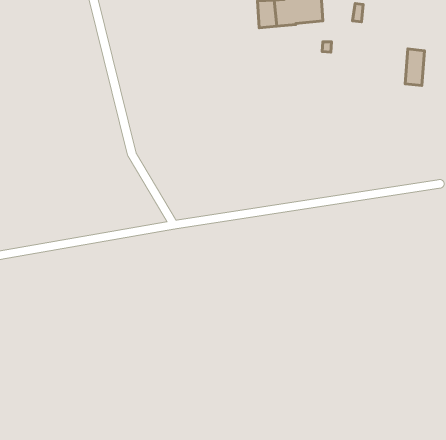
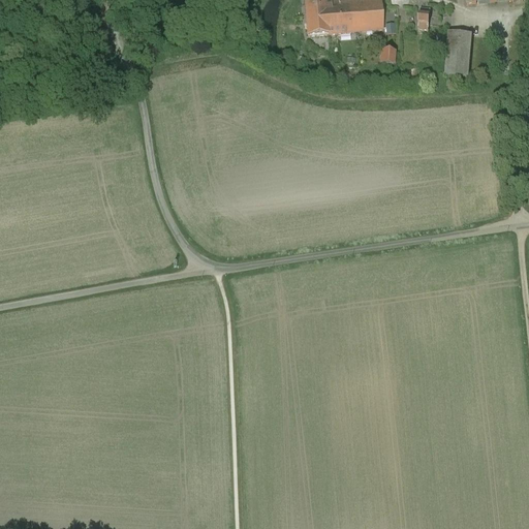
building: [405,49,424,86] -> [447,30,470,73]

